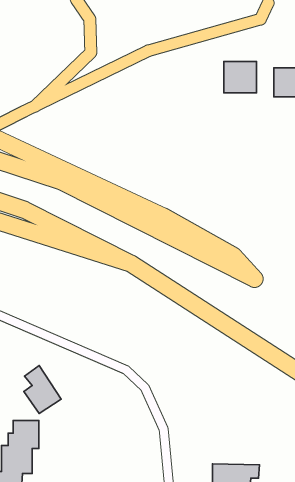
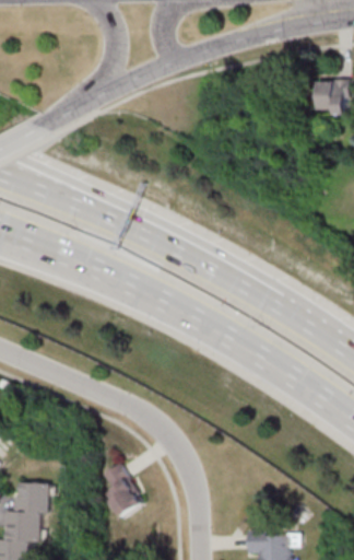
building: [224,61,256,93] -> none
building: [24,366,61,413] -> [101,464,143,518]

